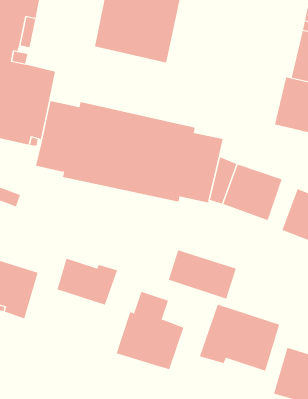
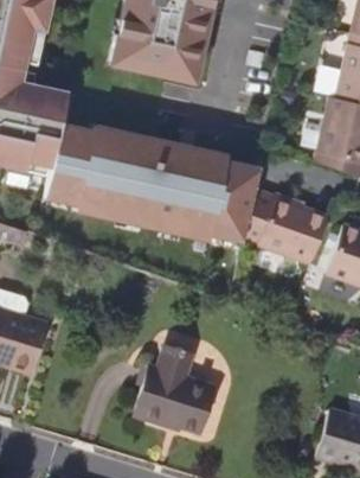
building: [168,249,237,299] -> none
building: [57,258,118,306] -> none
building: [199,304,280,371] -> none

